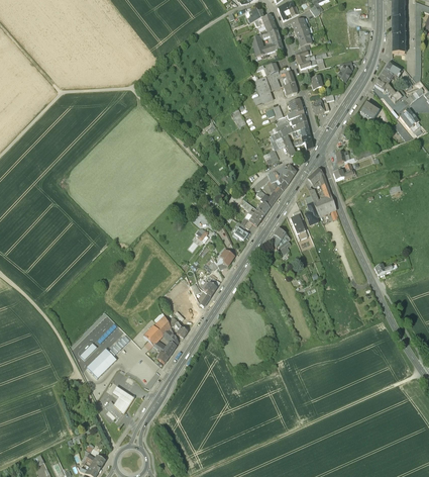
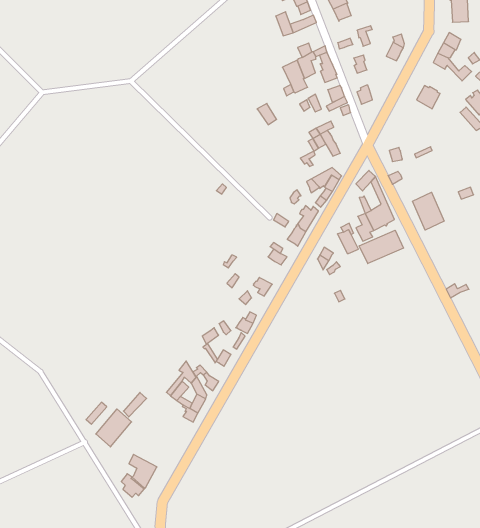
building: none -> [412,192,444,230]
building: none -> [359,230,404,264]

